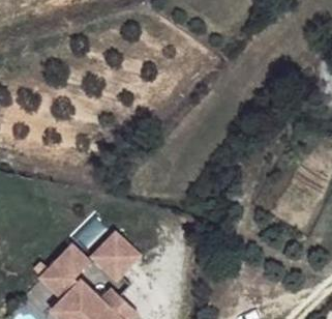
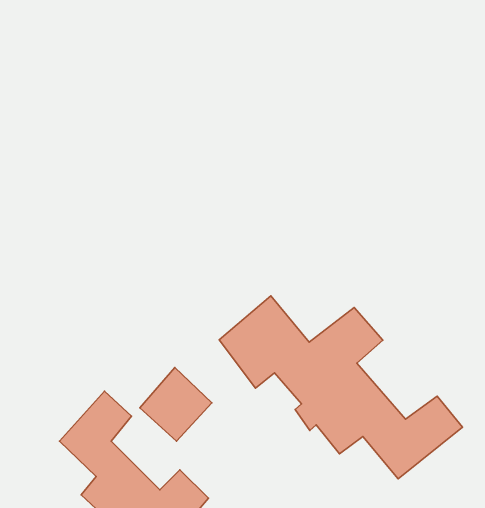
building: none -> [219,296,462,479]

